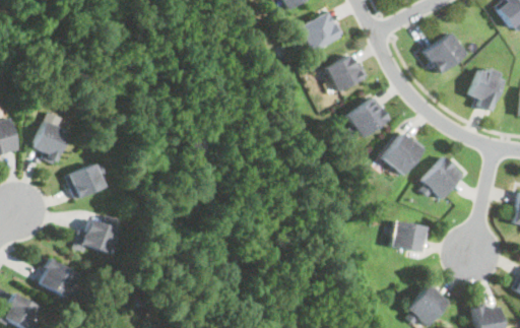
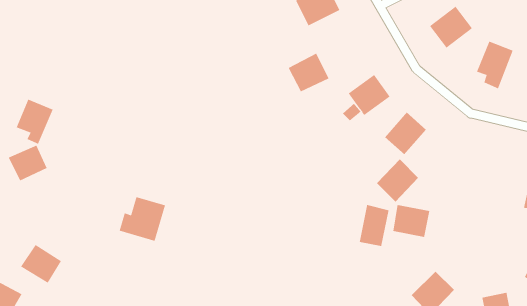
building: [327,54,367,91] -> [288,53,329,92]
building: [422,157,463,199] -> [376,159,419,202]
building: [66,165,104,199] -> [8,145,48,181]
building: [74,214,119,257] -> [119,197,166,241]
building: none -> [359,204,389,247]

